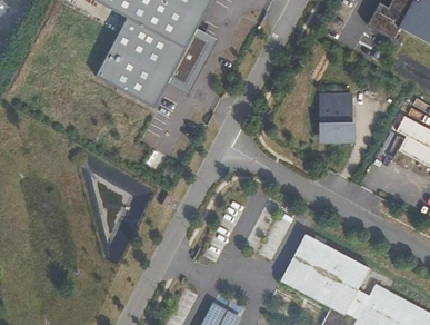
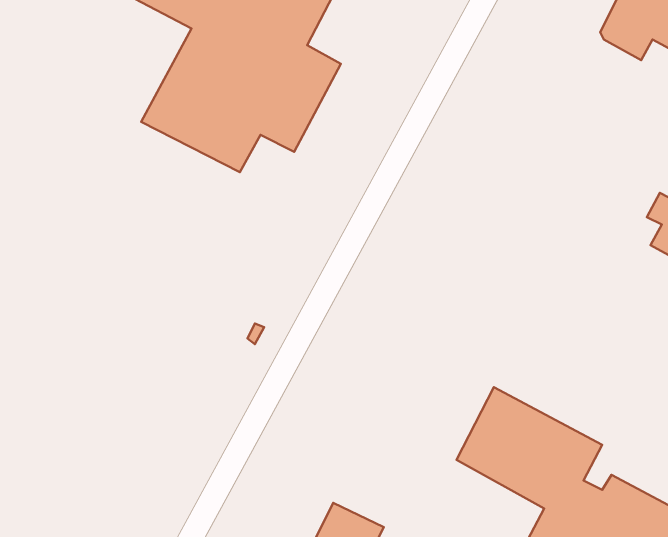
building: [318,95,353,137] -> none

